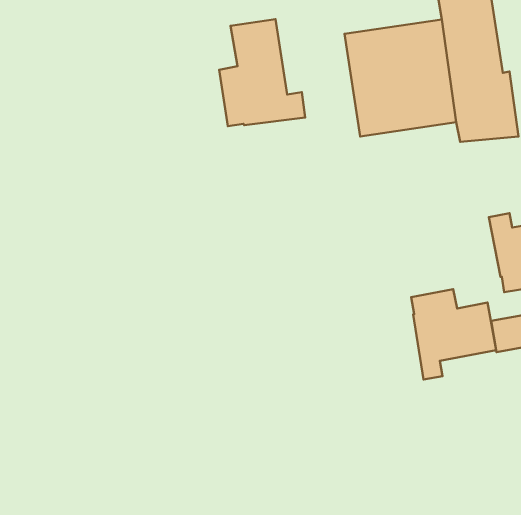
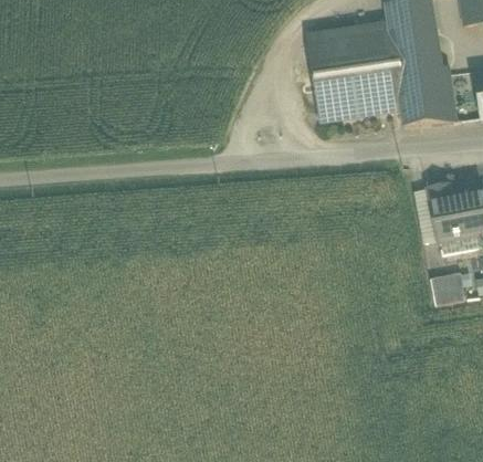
building: [219,19,305,126] -> none
building: [411,289,496,379] -> none

